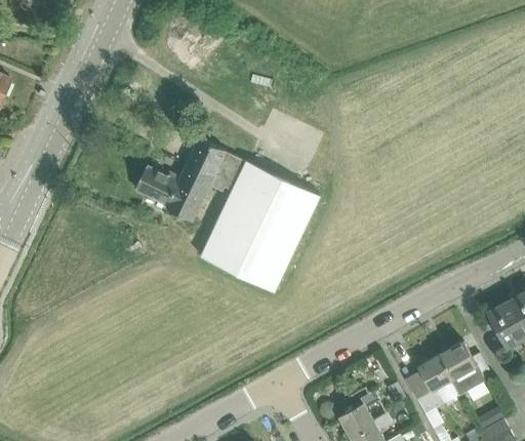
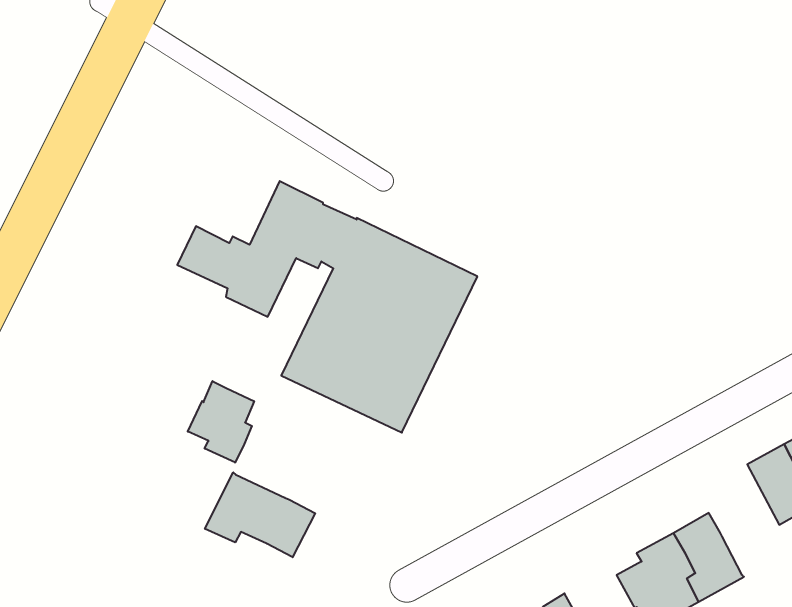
building: none -> [188,381,254,463]
building: none -> [205,472,315,557]

